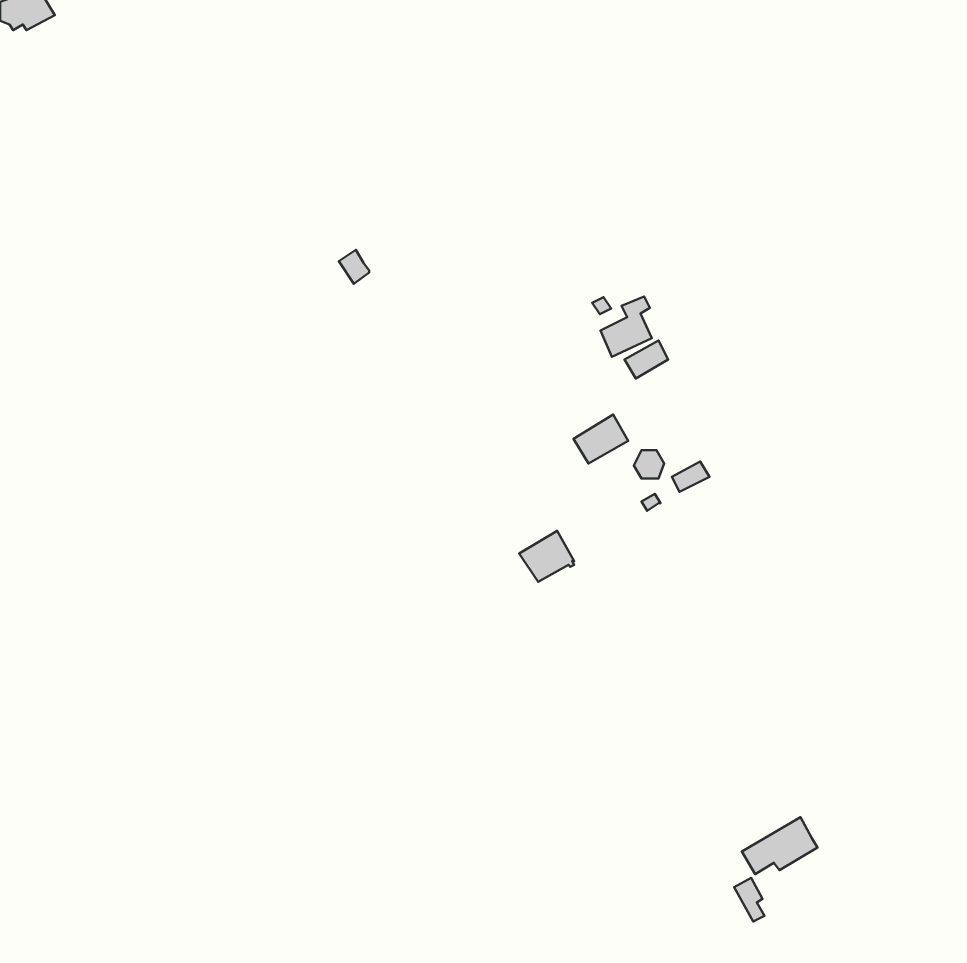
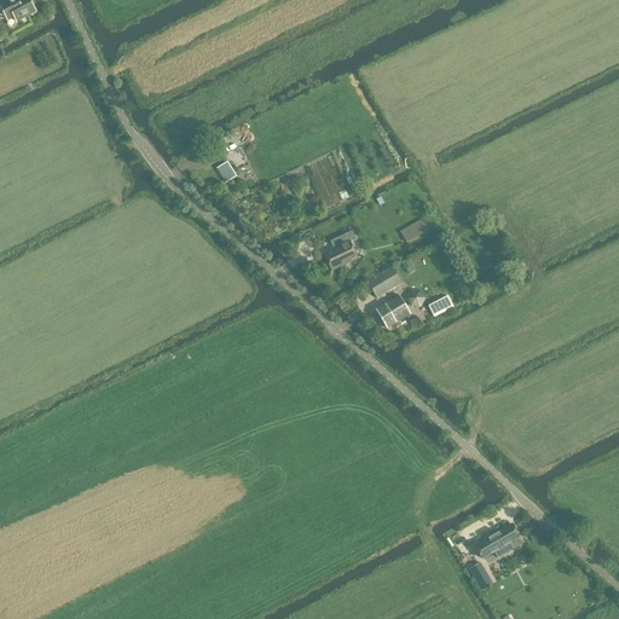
building: [601,296,652,357] -> [324,230,357,268]
building: [519,531,574,582] -> [375,294,410,326]

